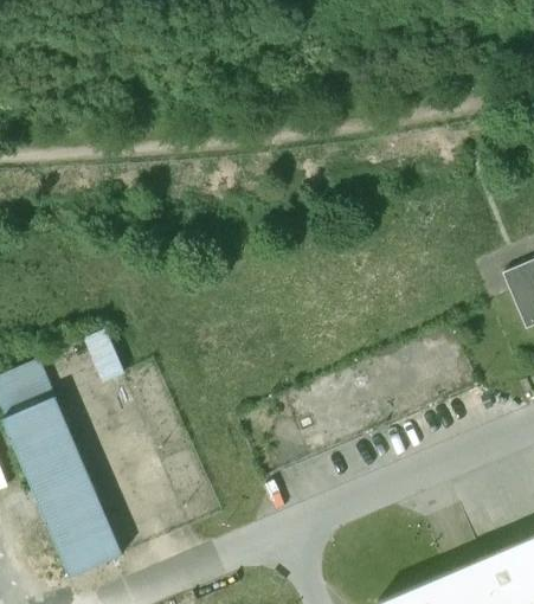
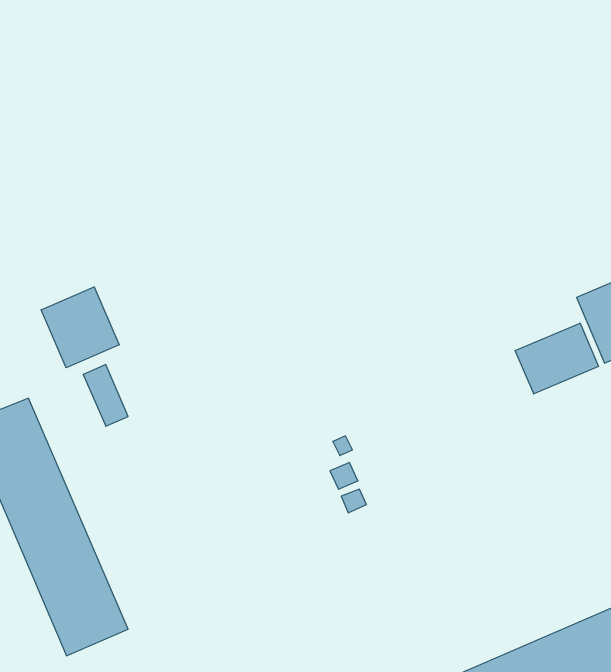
building: none -> [41,287,119,368]
building: none -> [515,323,599,394]

